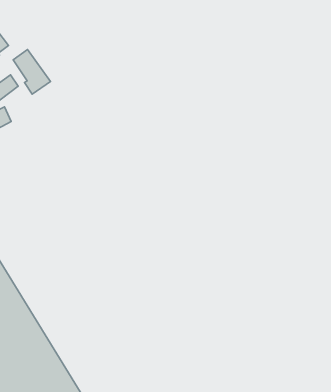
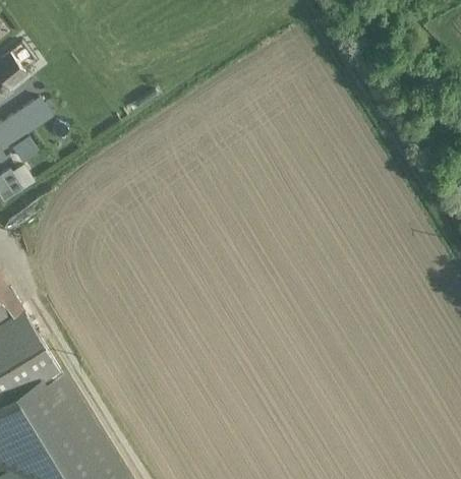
building: [13,50,50,94] -> none

